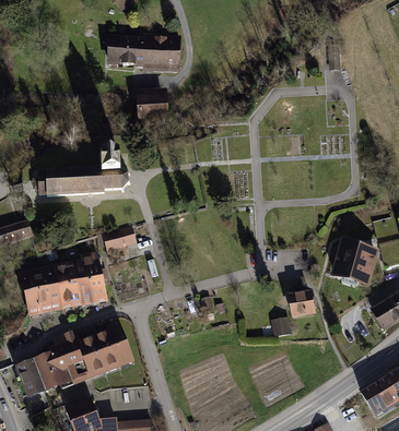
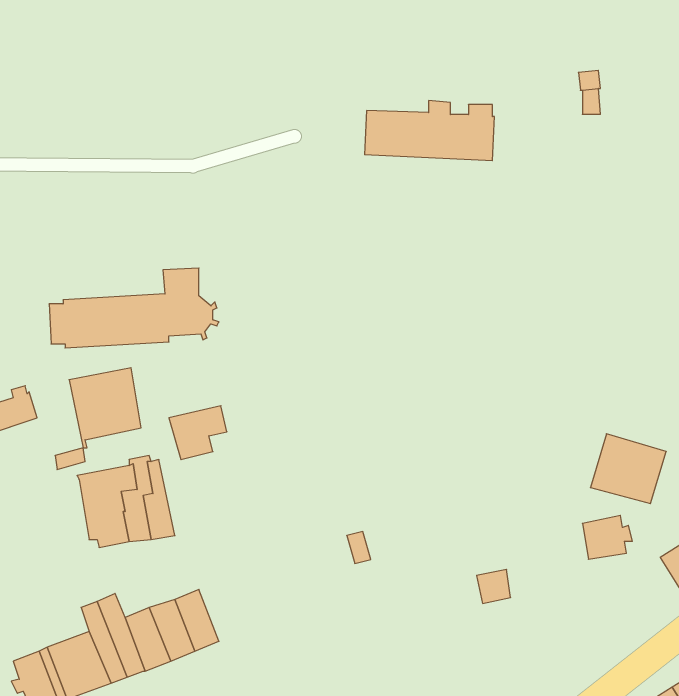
building: [109,34,180,67] -> [365,101,494,161]
building: [137,96,166,120] -> none
building: [21,268,60,312] -> [69,368,141,448]
building: [290,292,317,316] -> [582,515,632,559]

